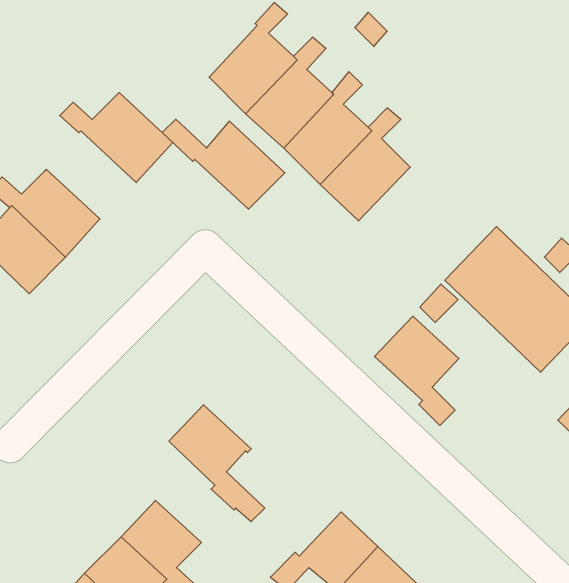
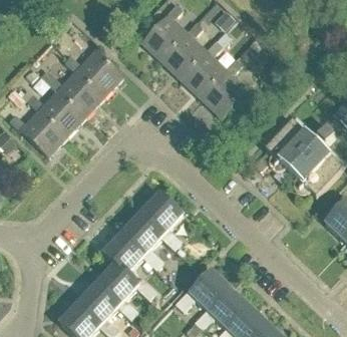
building: [162,119,285,209] -> [40,68,104,115]
building: [375,316,459,425] -> [139,192,184,249]
building: none -> [102,232,156,299]

